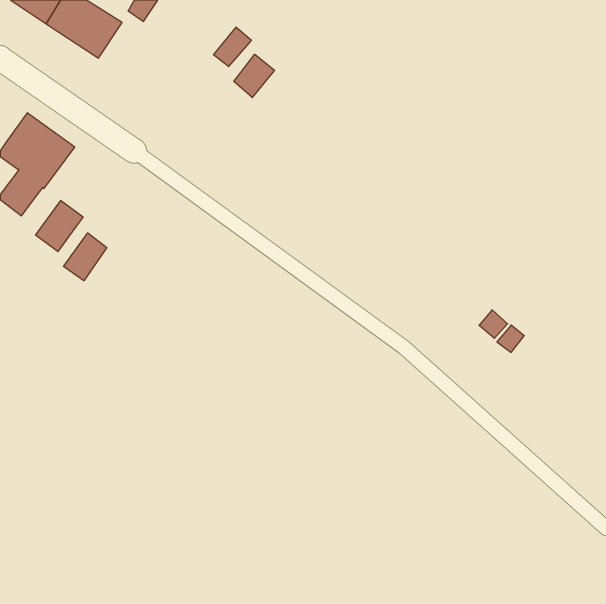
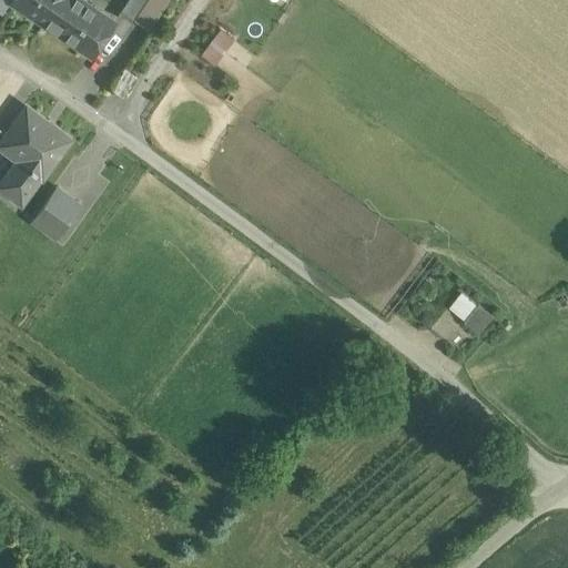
building: [234,54,275,98] -> none
building: [64,233,107,281] -> none

